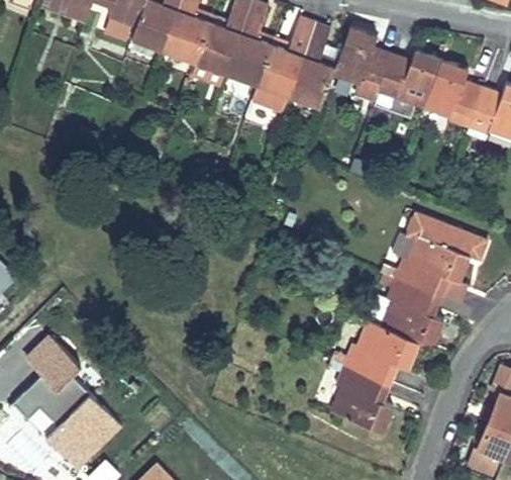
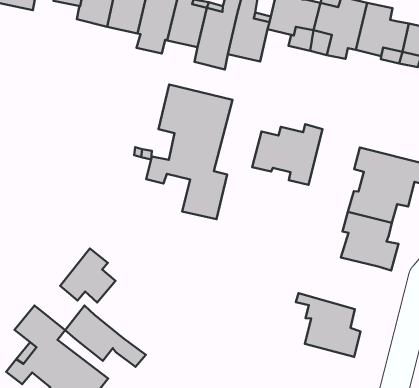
building: none -> [146,85,233,219]
building: none -> [252,124,322,185]
building: none -> [60,249,116,303]
building: [332,321,420,383] -> none
building: none -> [65,306,146,367]

